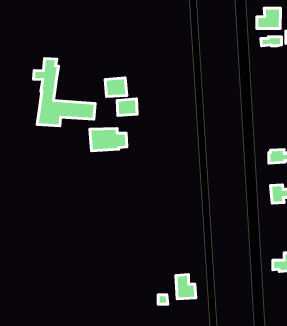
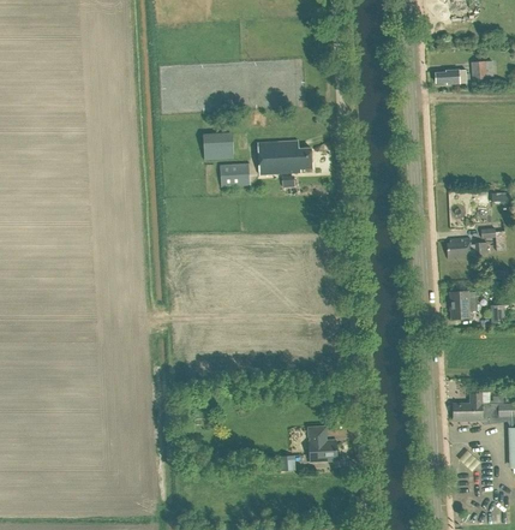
building: [257,8,280,29] -> none
building: [33,59,95,126] -> none
building: [90,128,127,151] -> [257,141,312,174]

